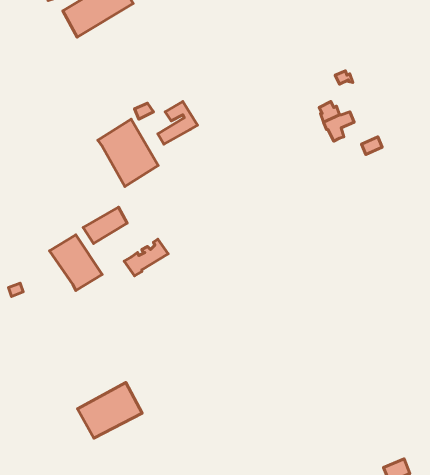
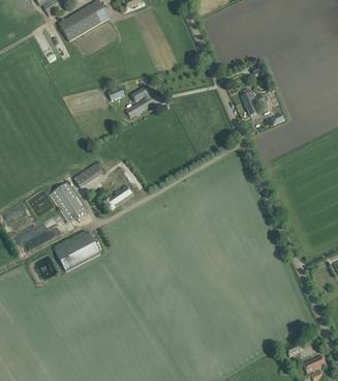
building: [98,119,158,187] -> none
building: [78,383,142,438] -> [54,231,99,270]

